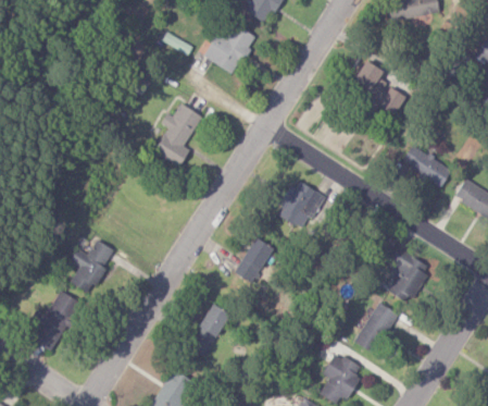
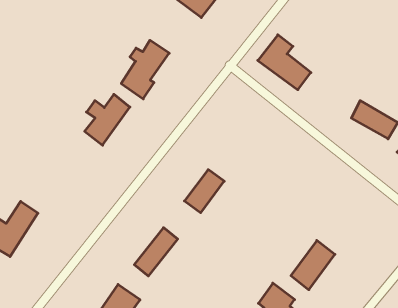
building: [348,61,405,118] -> [258,35,311,90]
building: [279,179,324,229] -> none
building: [70,238,115,294] -> [85,94,130,145]
building: [386,246,428,303] -> none

